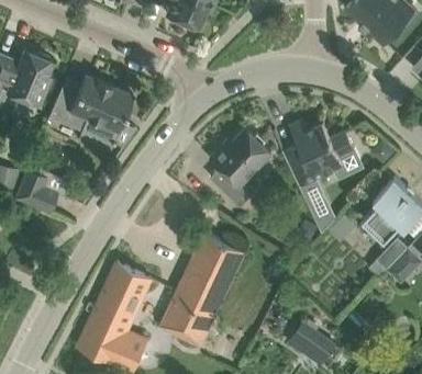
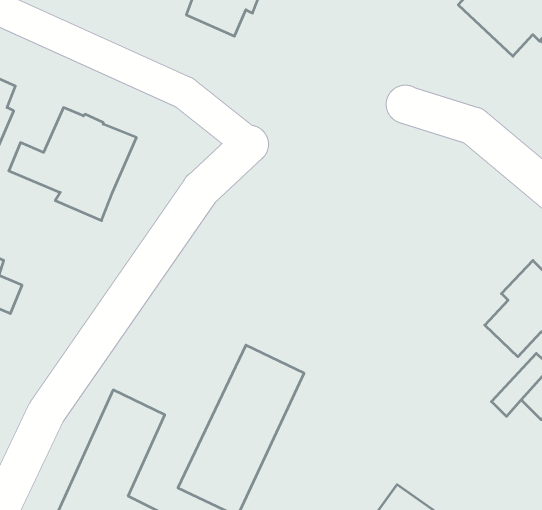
building: [284,120,364,185] -> none
building: [211,127,273,206] -> none

